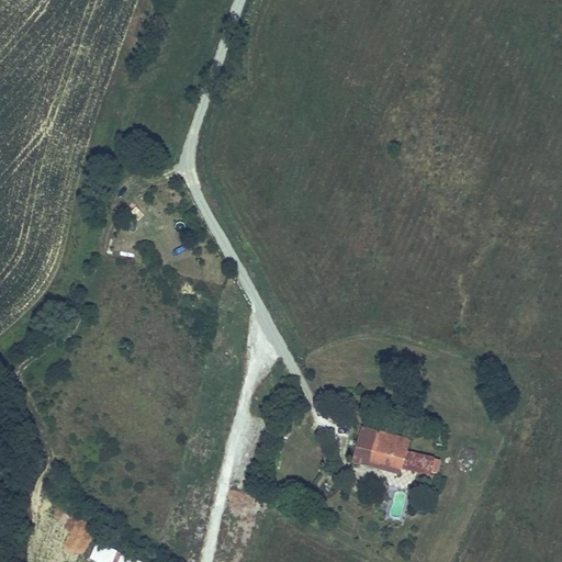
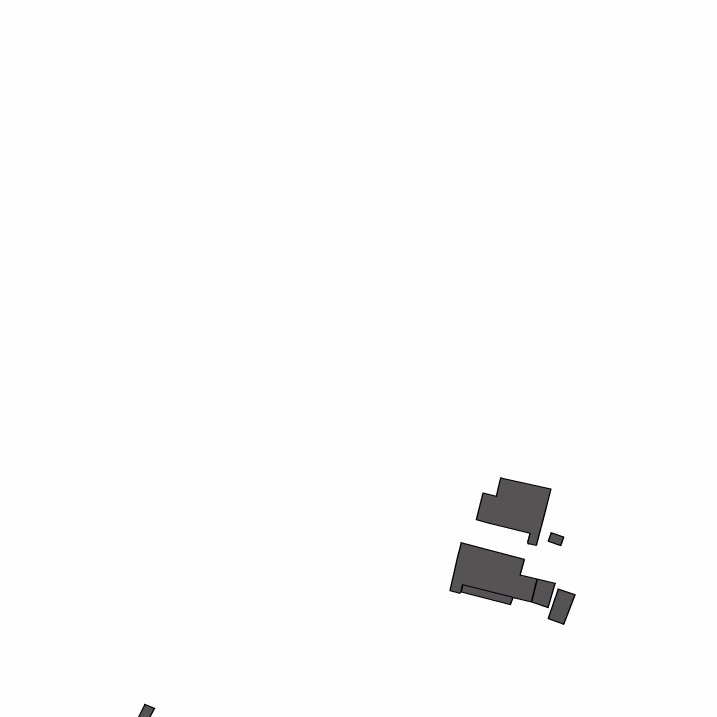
building: none -> [477,478,551,545]

